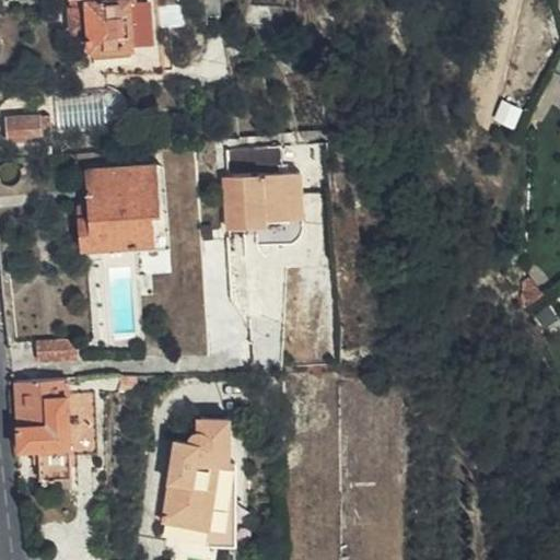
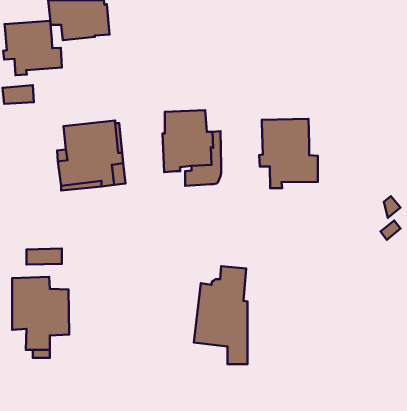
building: none -> [3,21,62,75]
building: none -> [259,119,318,188]
building: [162,419,235,552] -> [194,266,248,364]

